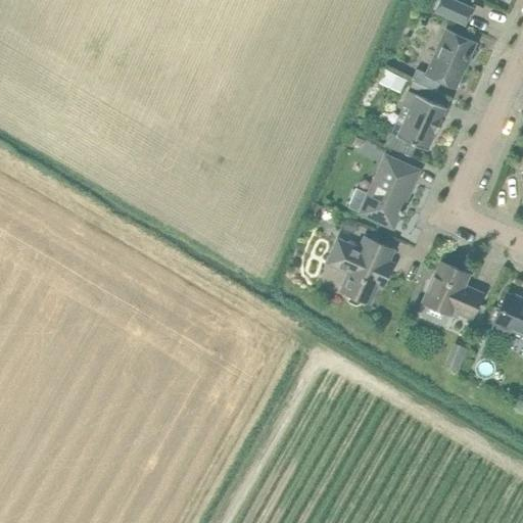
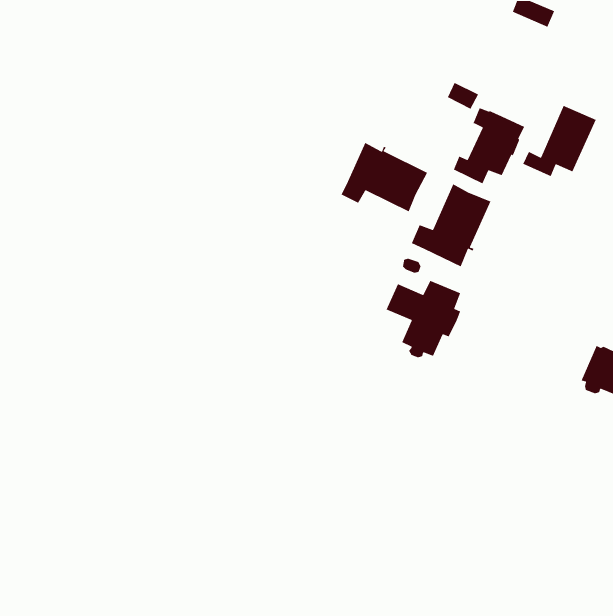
building: [413,30,476,91] -> [522,105,597,177]
building: none -> [340,142,428,212]
building: [420,262,483,326] -> none

